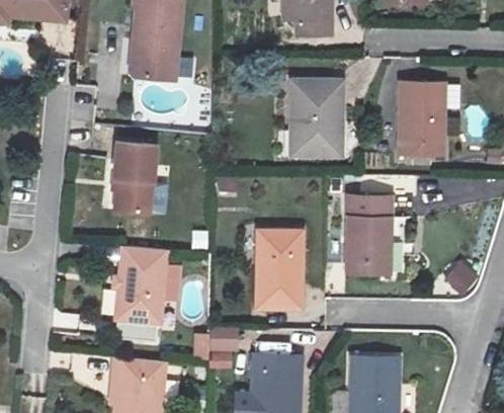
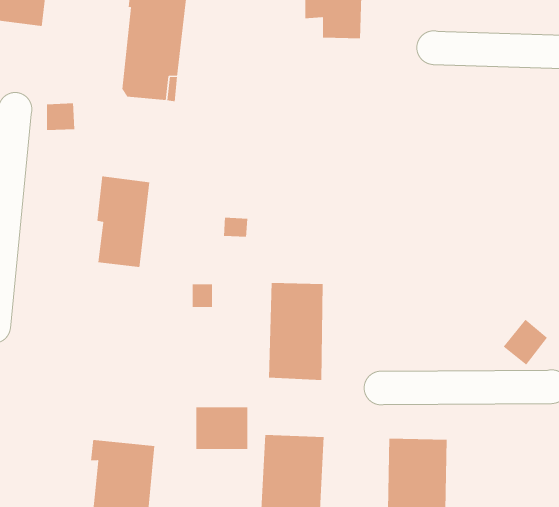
building: [288,78,339,154] -> none
building: [399,79,443,154] -> none
building: [345,196,390,273] -> none
building: [118,246,171,325] -> none

